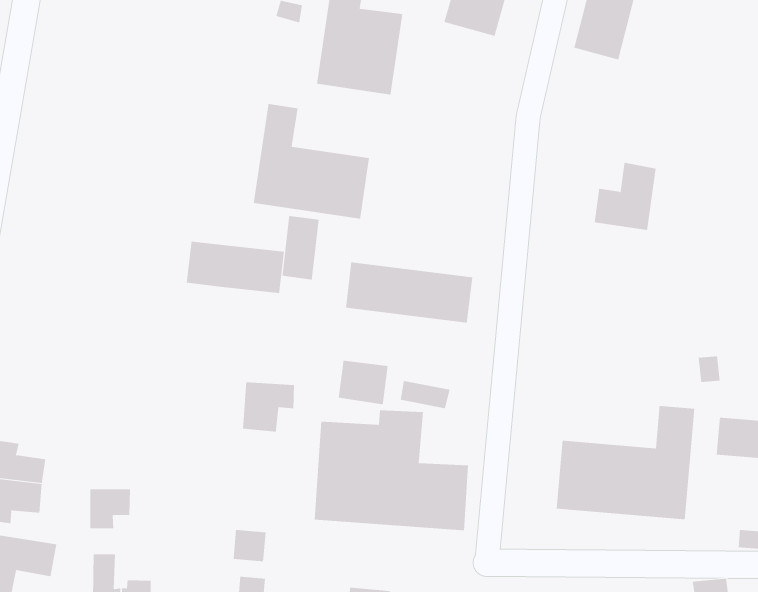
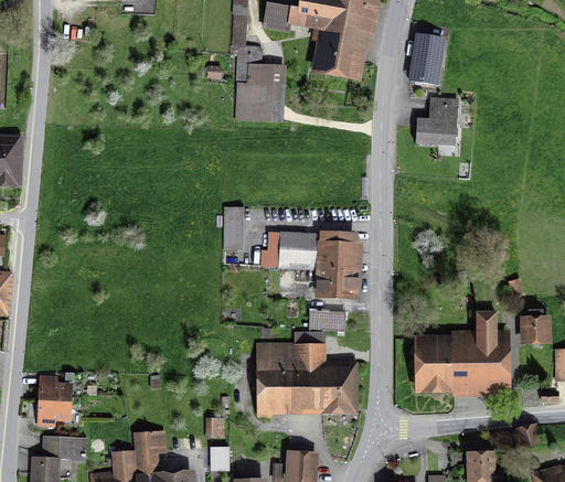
building: [253,103,370,219] -> none
building: [594,162,656,230] -> [415,98,454,142]
building: [186,241,284,294] -> none
building: [338,360,389,405] -> [318,268,350,296]
building: [243,381,295,432] -> none
building: [89,489,131,529] -> [135,431,163,460]

